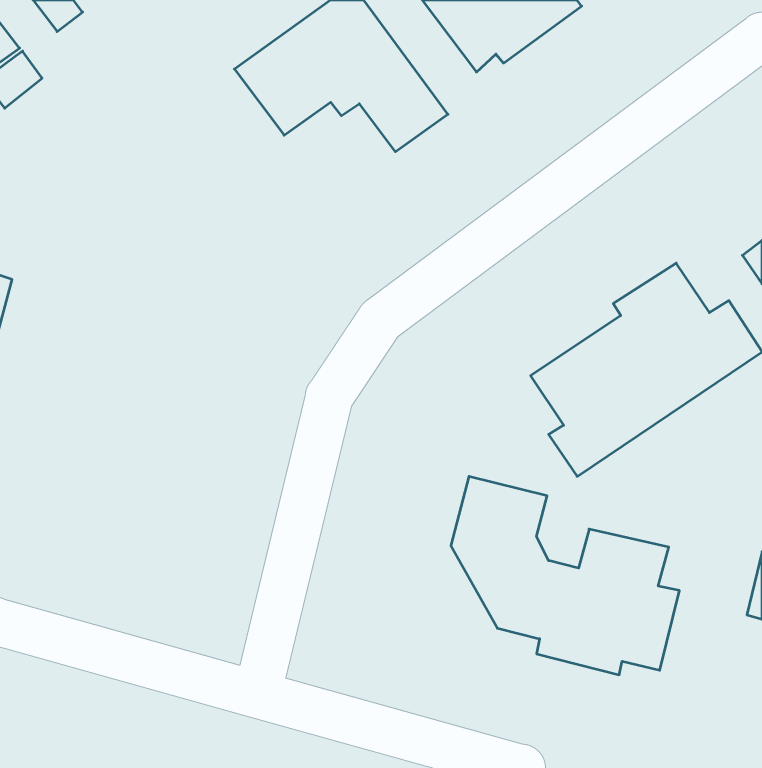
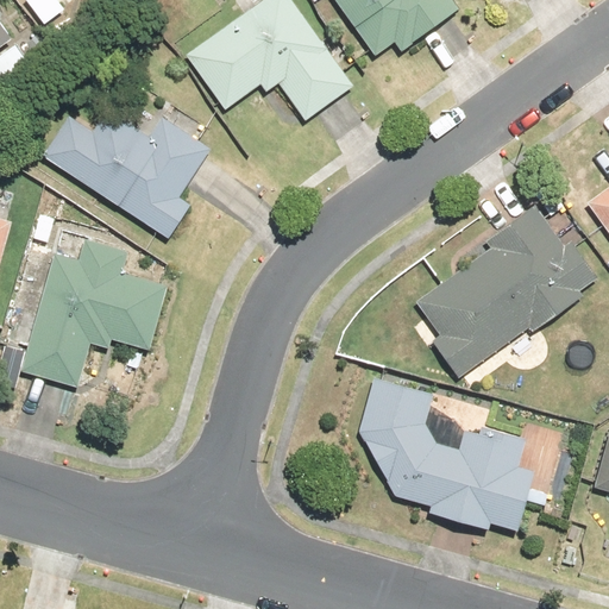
building: none -> [42,111,209,237]
building: none -> [23,228,167,387]

